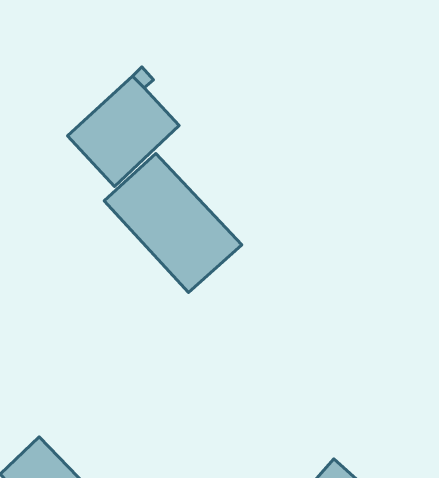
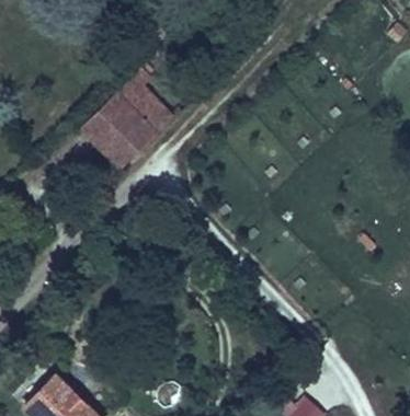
building: [104,153,242,292] -> none

